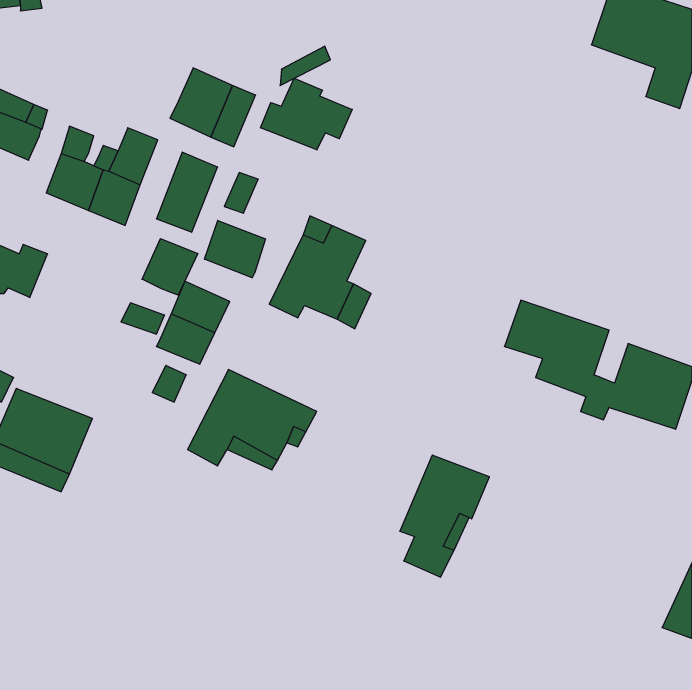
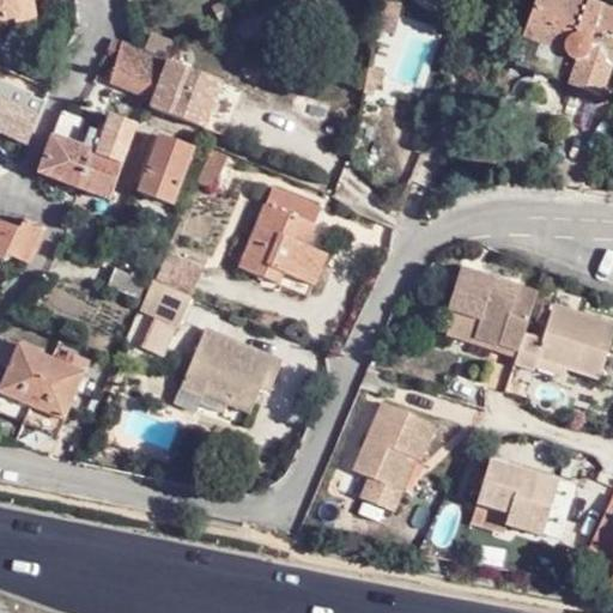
building: none -> [111,37,170,92]
building: [261,78,352,150] -> none
building: [205,220,266,278] -> none
building: [142,239,198,295] -> none
building: none -> [475,461,568,542]

